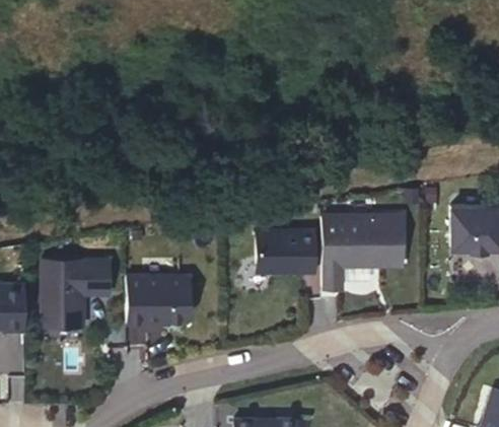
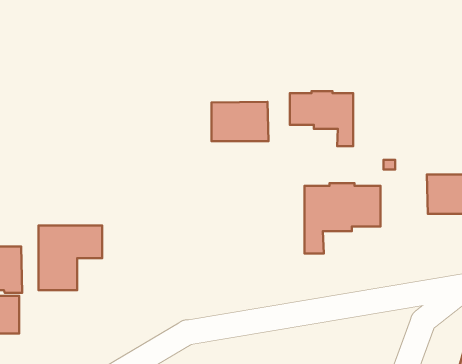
building: none -> [290,91,353,146]
building: [257,232,316,274] -> [211,102,268,141]
building: [126,277,189,326] -> none

